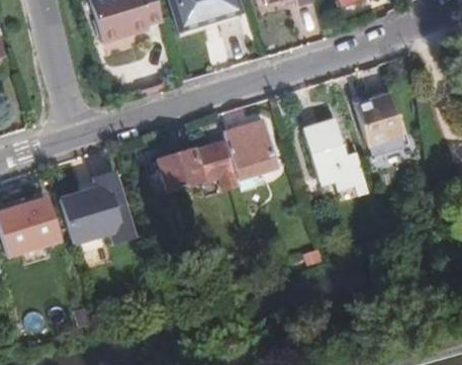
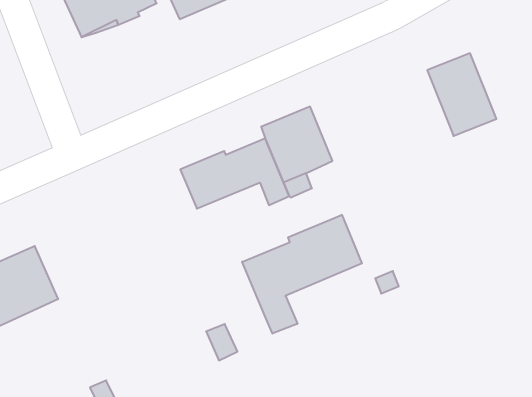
building: [305,116,371,199] -> none
building: [60,174,133,246] -> none
building: none -> [242,215,362,334]

